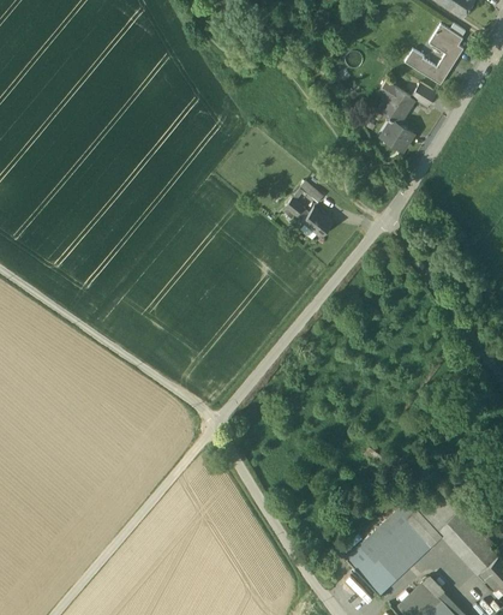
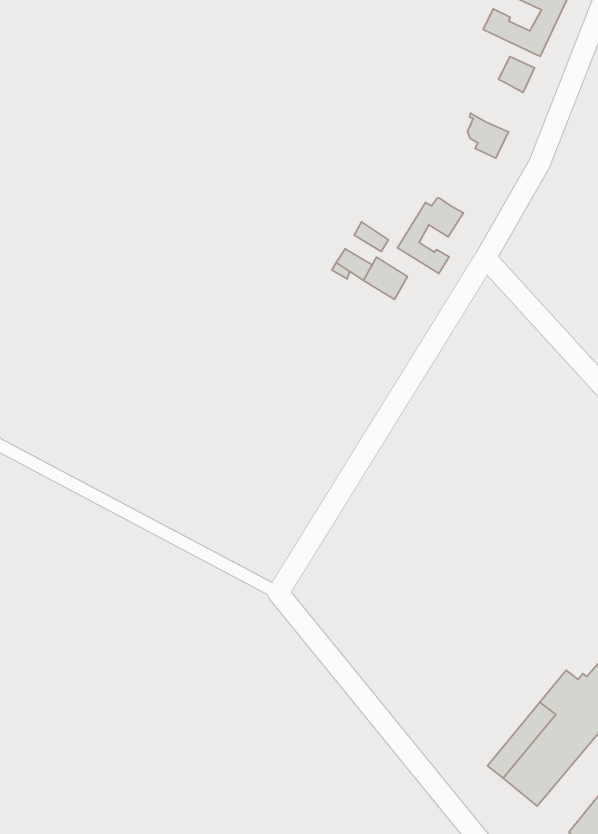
building: [378,80,414,125] -> none
building: none -> [397,198,463,273]

